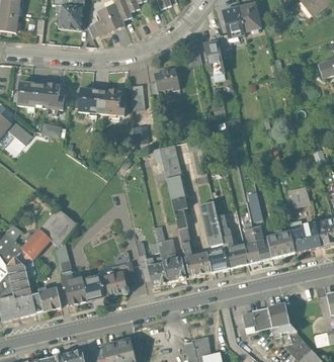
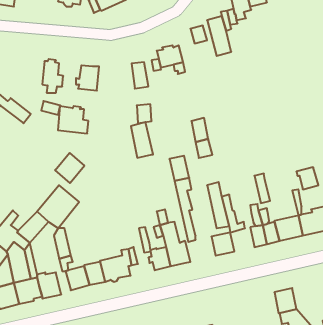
building: [14,81,46,107] -> none
building: [96,89,126,115] -> [58,106,88,133]
building: [160,144,181,178] -> [131,122,153,158]
building: none -> [55,153,84,183]
building: [225,244,248,267] -> none
building: [184,253,211,276] -> none
building: [243,306,271,331] -> none

